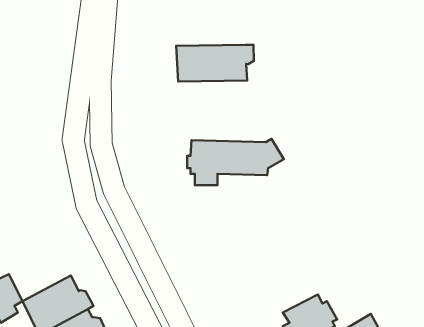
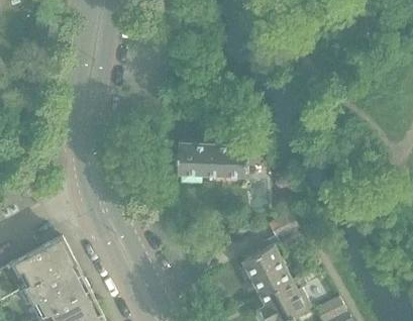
building: [176,45,254,82] -> none
building: none -> [240,213,298,298]
building: none -> [14,239,75,288]

